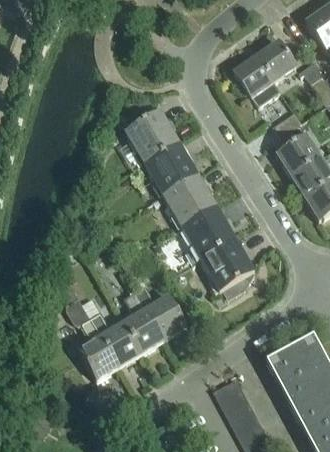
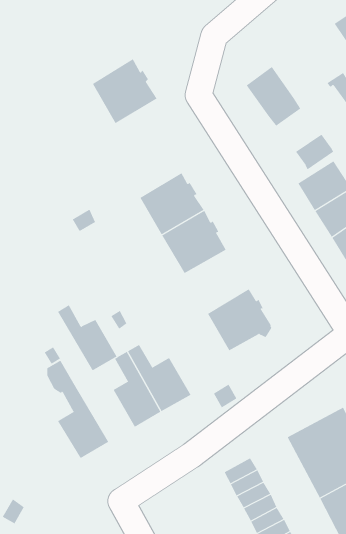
building: [255,40,295,81] -> none
building: [126,110,180,164] -> [92,59,157,124]
building: [182,207,236,260] -> none
building: [91,311,141,366] -> [57,305,118,371]

